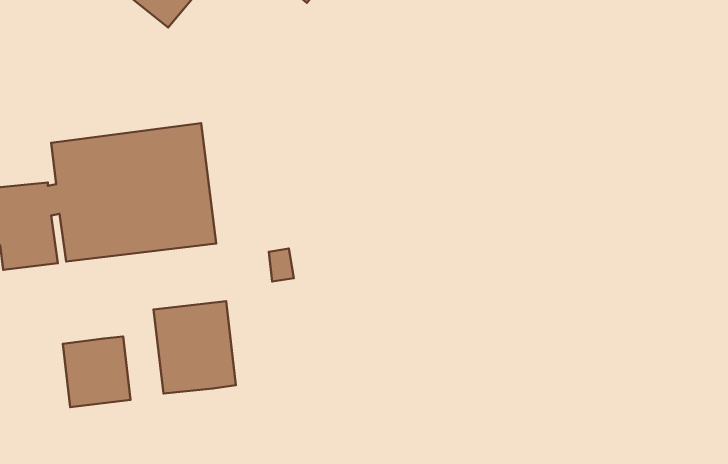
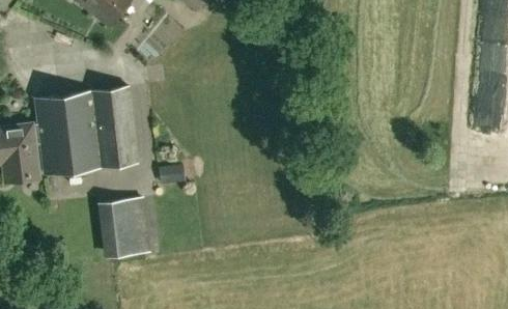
building: [63,337,130,407] -> none

